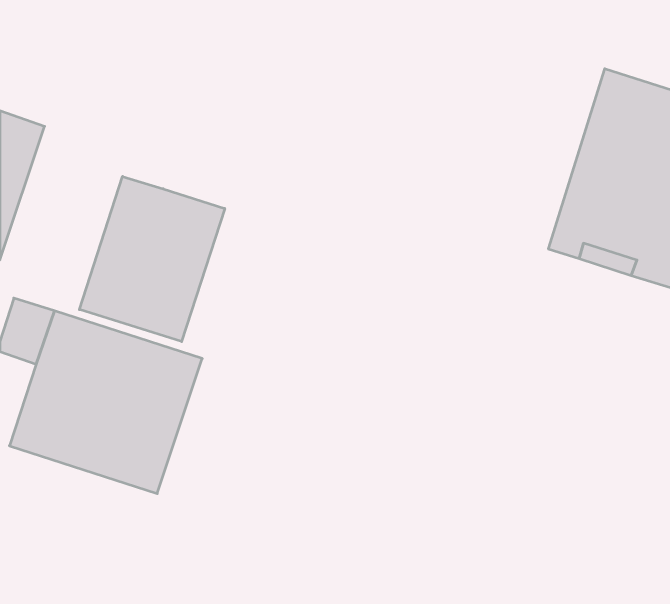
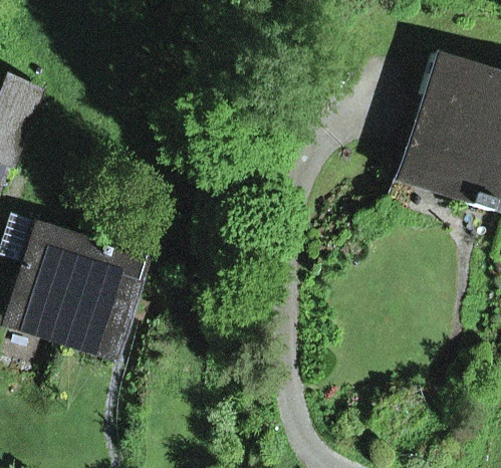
building: [79,176,225,342] -> none

